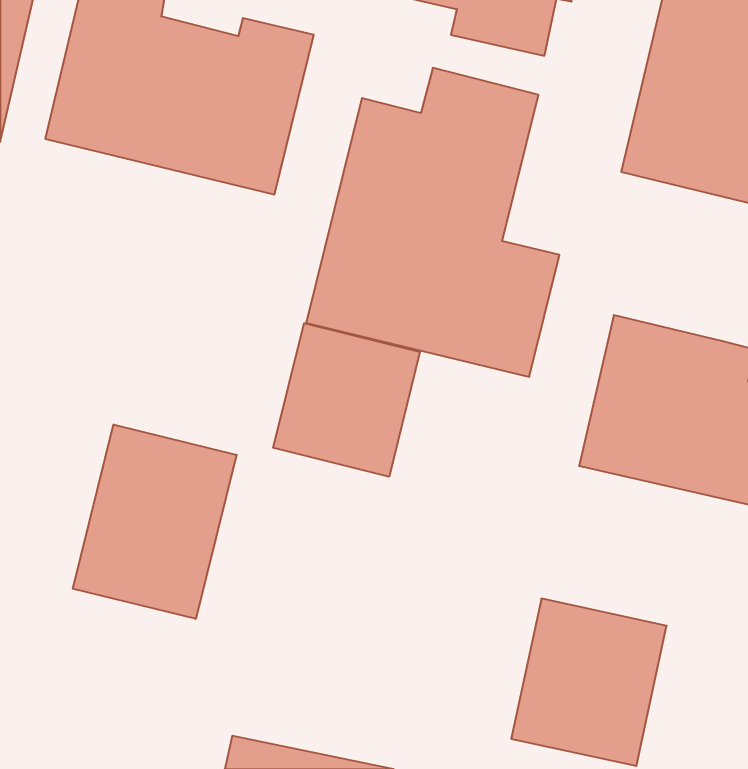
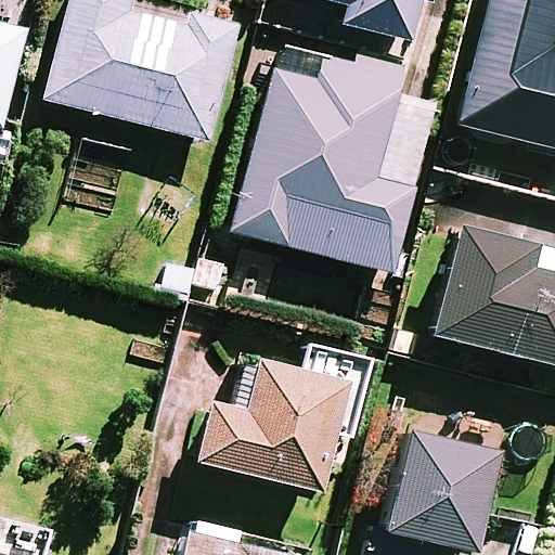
building: [273,323,420,477] -> none
building: [73,424,237,619] -> none
building: none -> [196,351,345,490]

